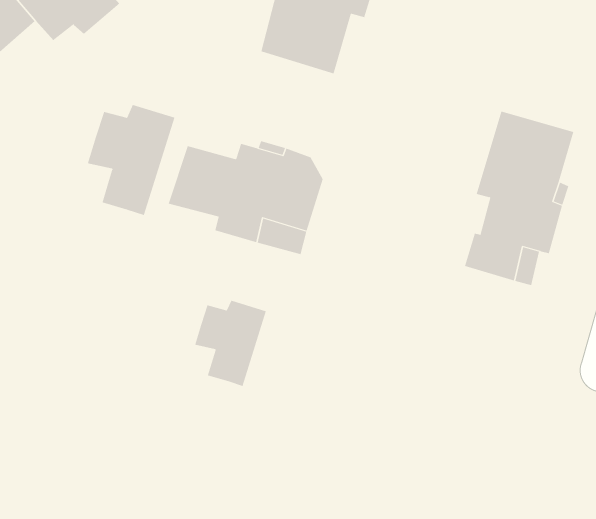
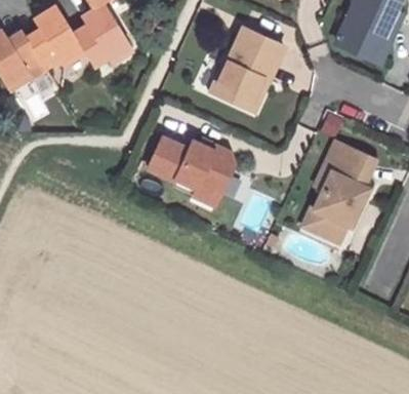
building: [87,104,175,216] -> none
building: [194,300,267,387] -> none

